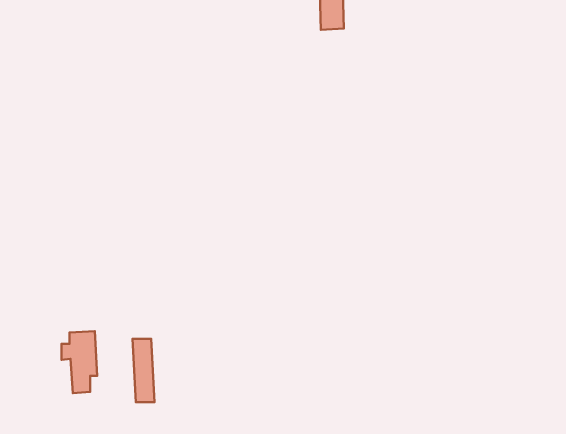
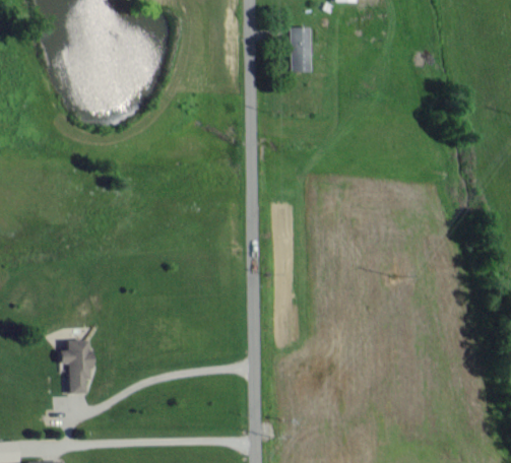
building: [133,339,155,402] -> none

